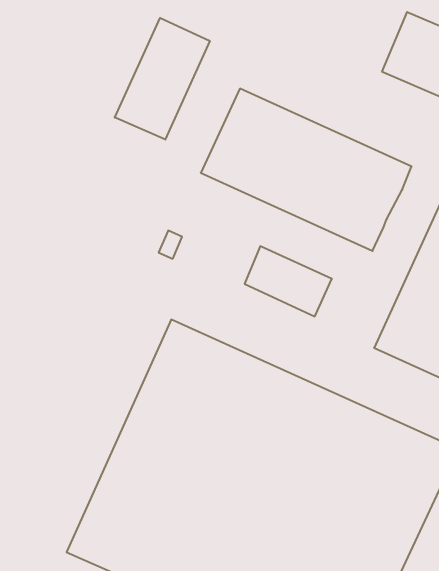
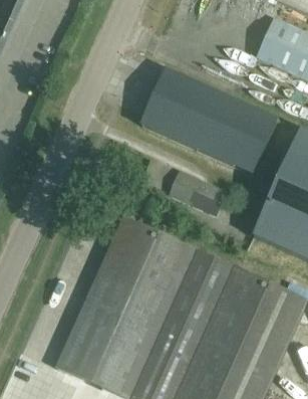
building: [115,18,210,140] -> none

